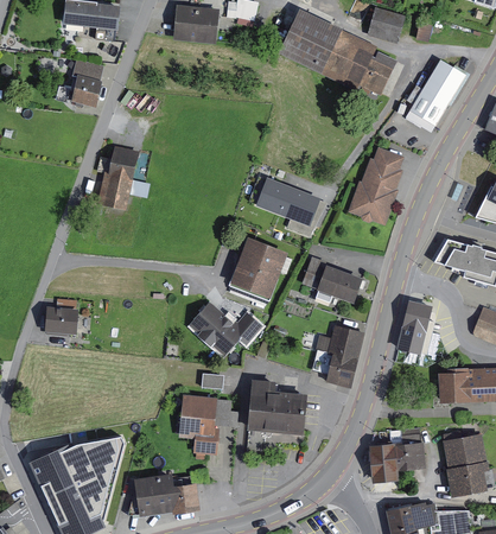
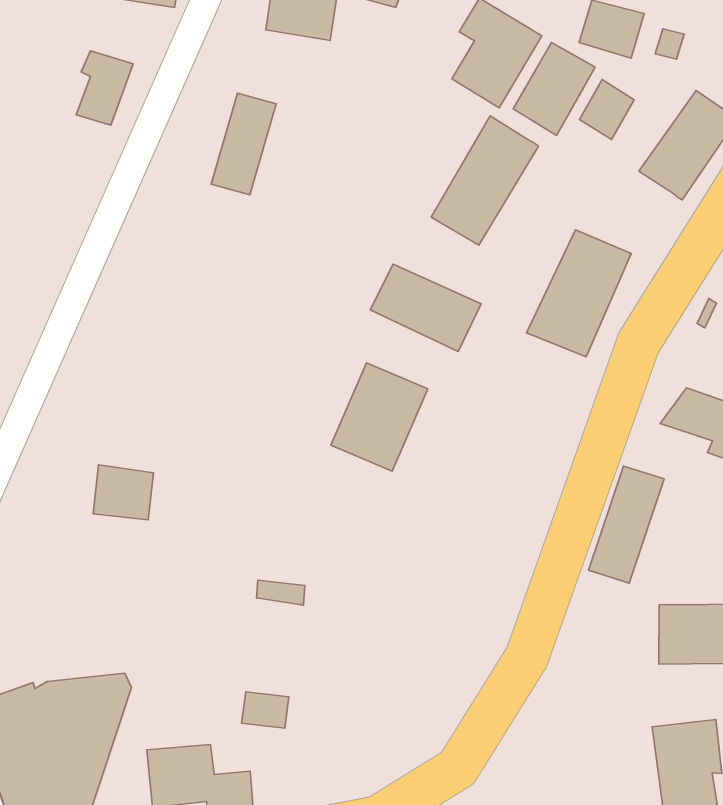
building: none -> [431,116,539,245]
building: [103,147,139,208] -> [211,93,276,195]
building: [300,256,368,306] -> none
building: [190,298,265,356] -> none
building: [47,305,82,336] -> [93,465,153,520]
building: [310,328,360,387] -> none
building: [247,376,304,432] -> none
building: [177,394,223,436] -> none
building: [371,441,424,476] -> none

